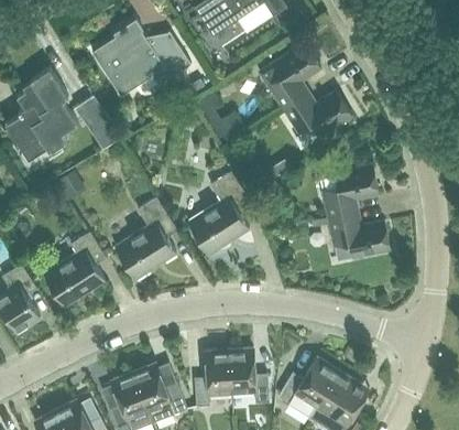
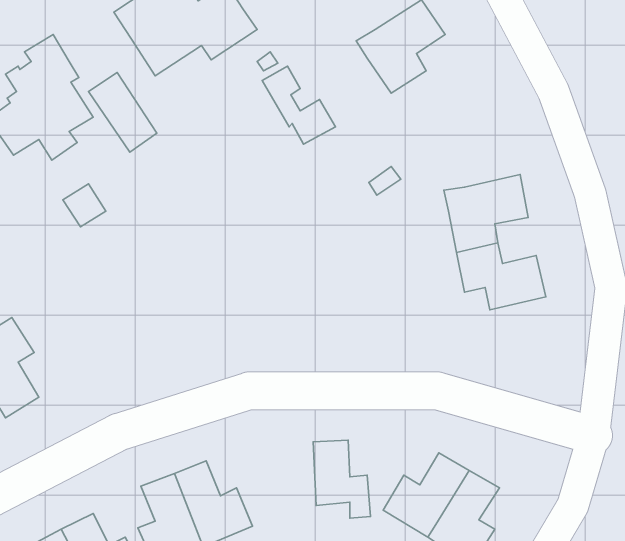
building: [283,93,351,138] -> none
building: [187,172,252,256] -> none
building: [114,197,177,280] -> none
building: [43,233,106,308] -> none
building: [194,351,231,407] -> none

